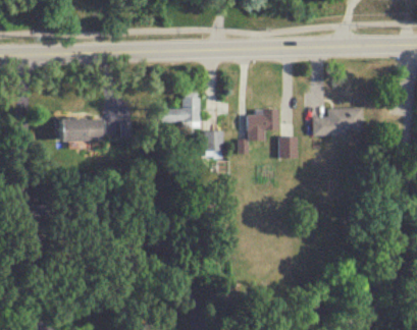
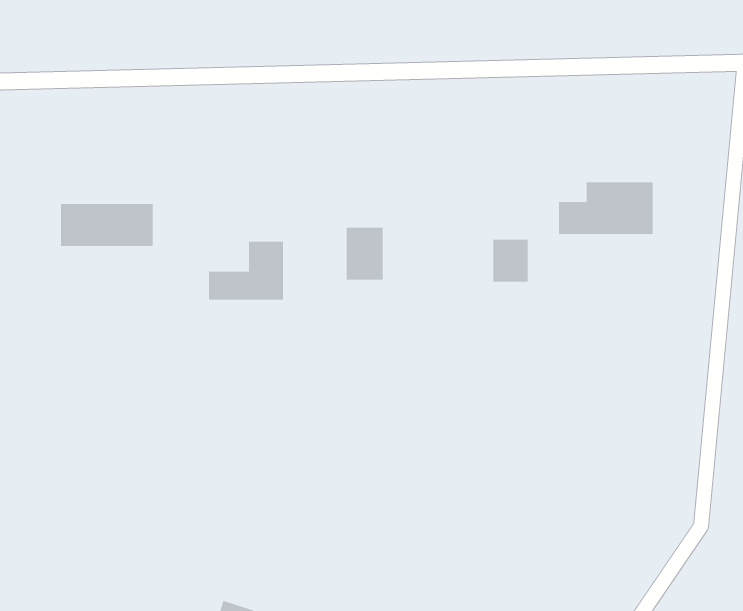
building: [161,94,200,124] -> [208,241,284,300]
building: [248,110,279,143] -> none

